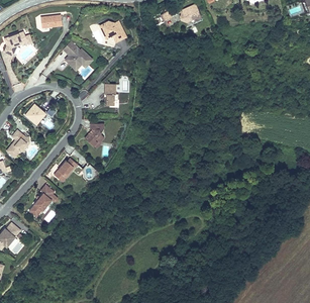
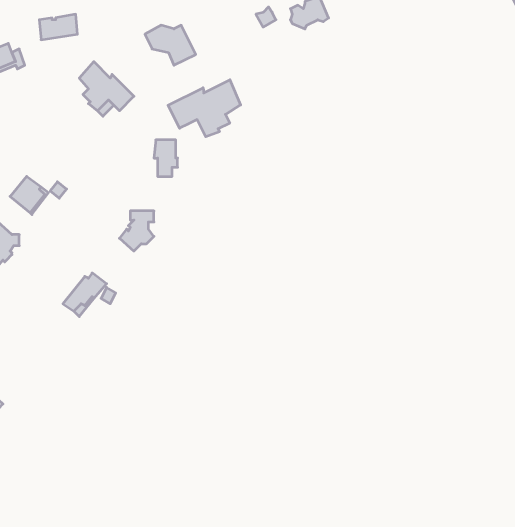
building: none -> [168,80,241,137]
building: [29,184,58,217] -> none

